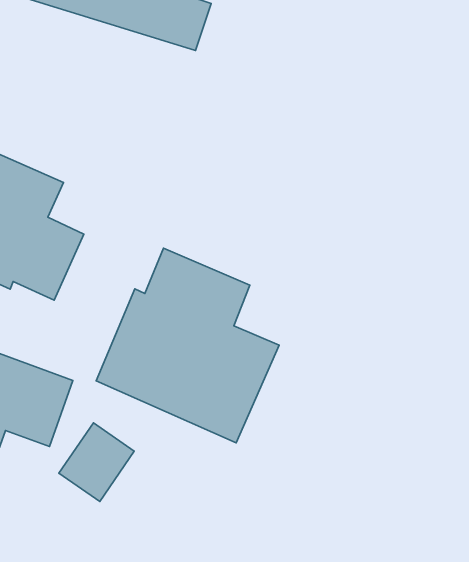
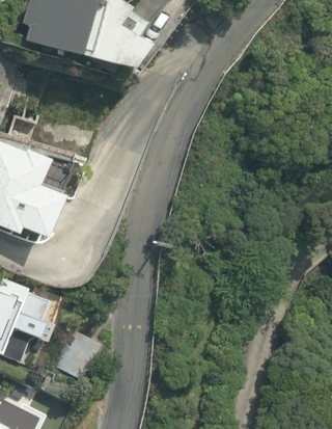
building: [96,248,279,443] -> none

